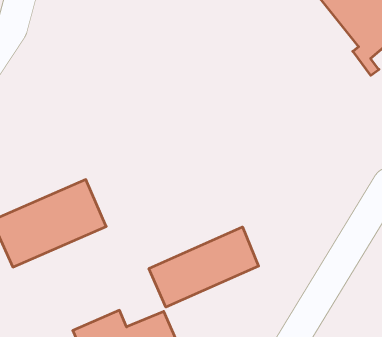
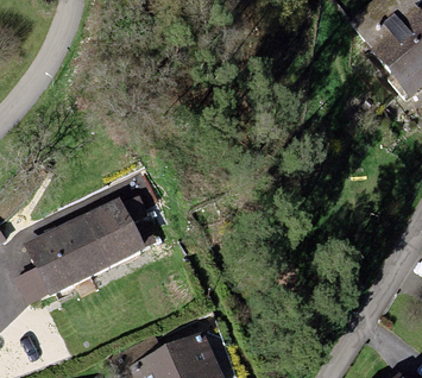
building: [149,227,259,307] -> none

